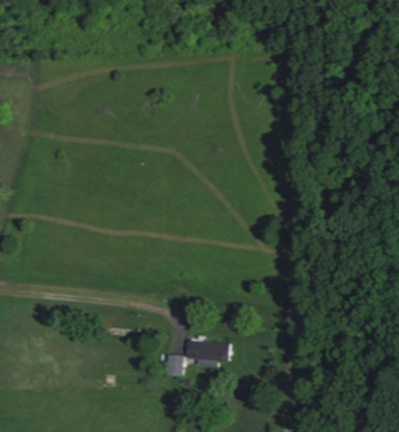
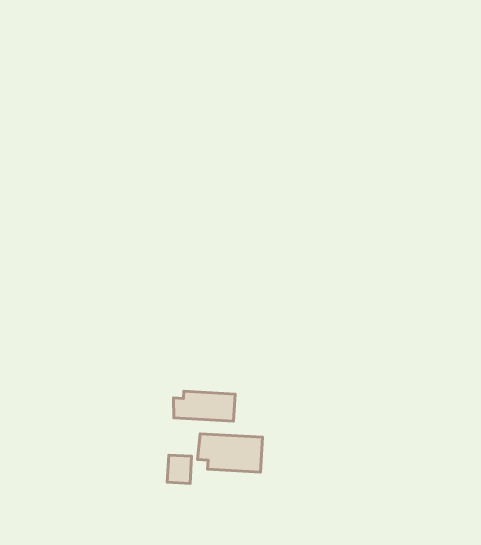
building: none -> [173,391,235,421]

